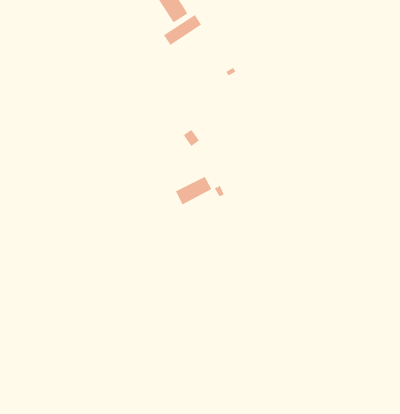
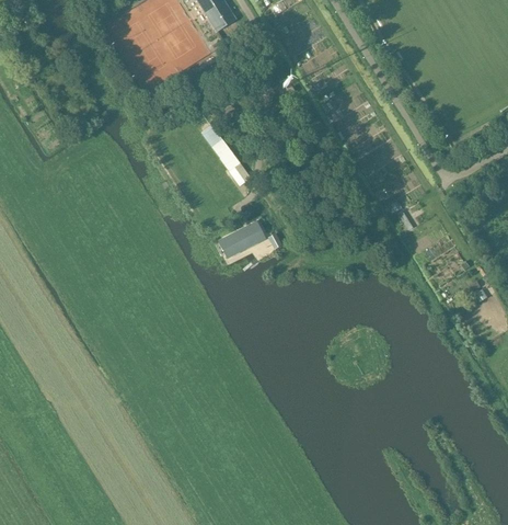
building: [163,14,202,46] -> none

